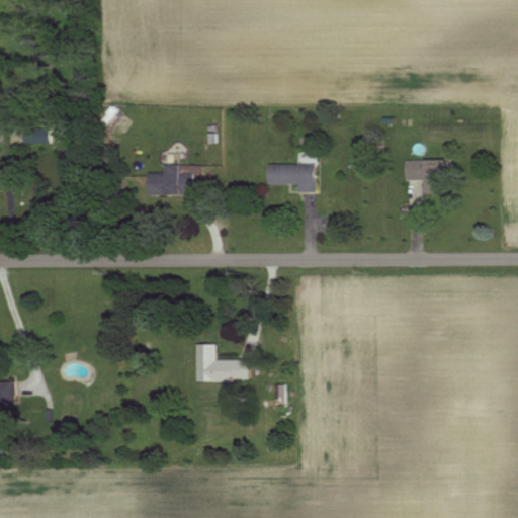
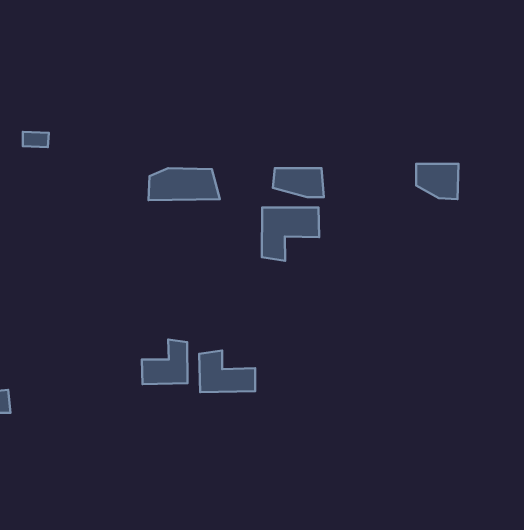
building: none -> [262,207,319,261]
building: none -> [142,340,188,384]

